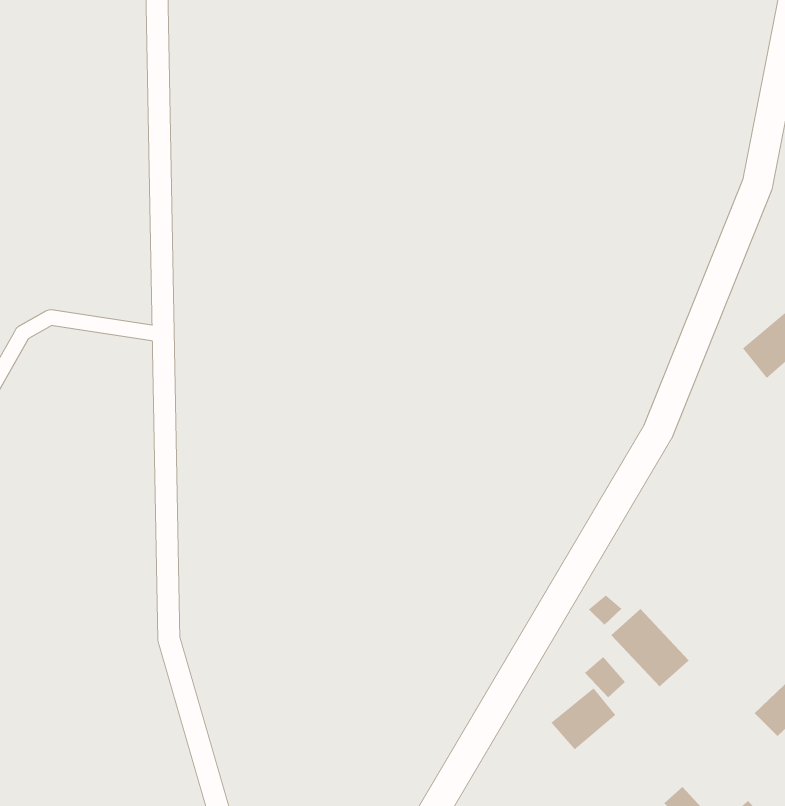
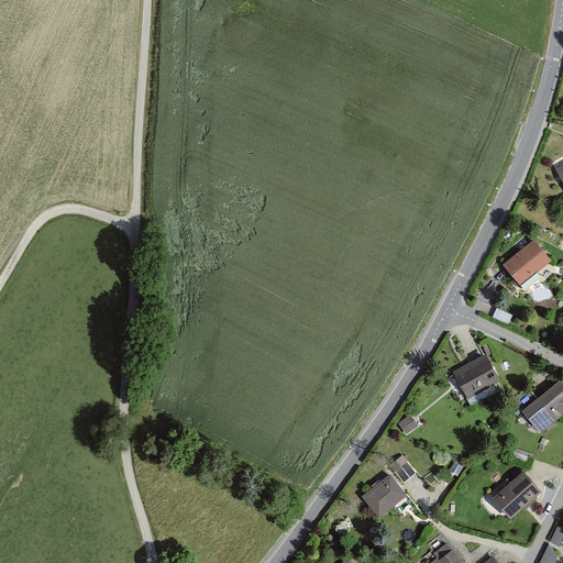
building: none -> [454,358,499,398]
building: [610,608,690,687] -> none

